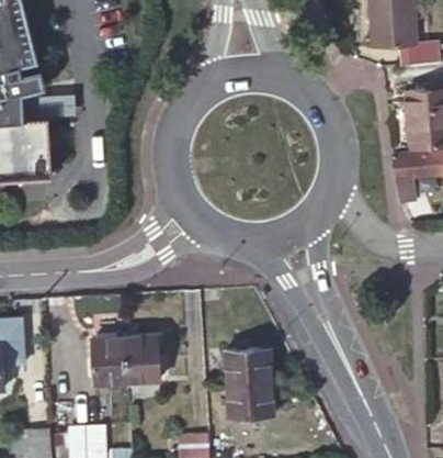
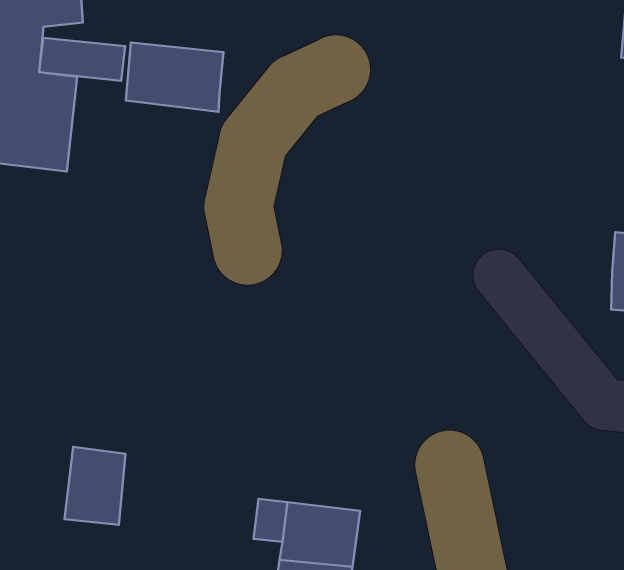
building: none -> [126,42,223,112]
building: [125,334,160,379] -> none

